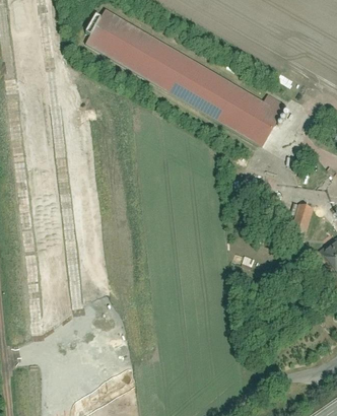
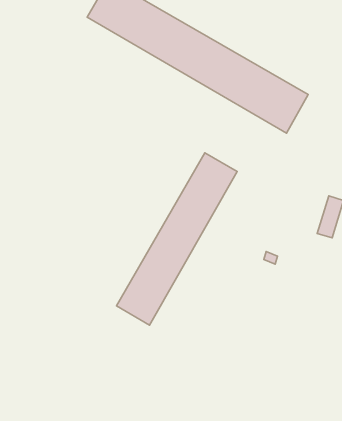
building: none -> [117,153,237,325]

